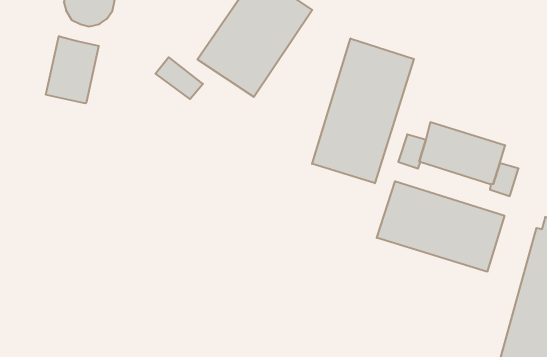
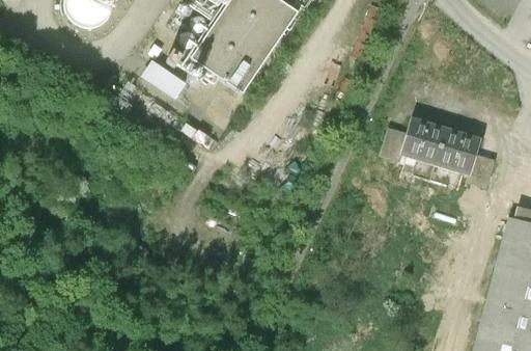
building: [46,36,99,103] -> none
building: [312,38,414,183] -> none
building: [377,181,504,272] -> none

